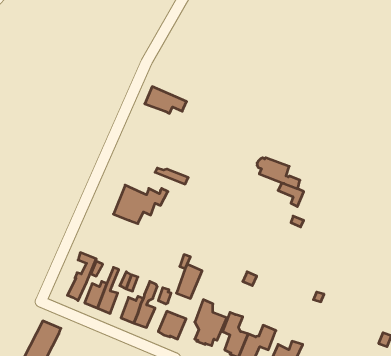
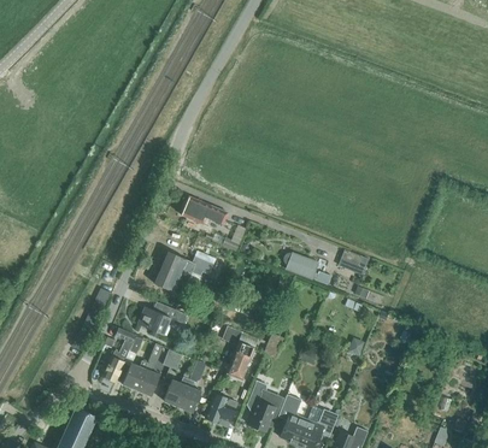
building: [145,87,187,113] -> [181,196,228,226]
building: [257,158,300,189] -> [283,252,331,287]
building: none -> [137,301,189,335]

